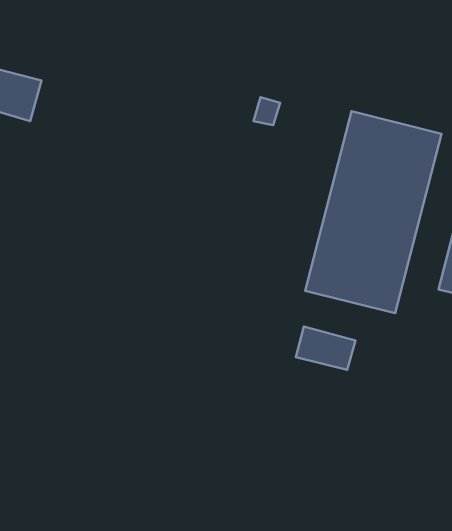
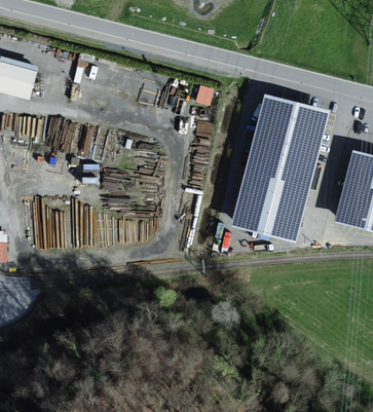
building: [296,326,356,370] -> none

